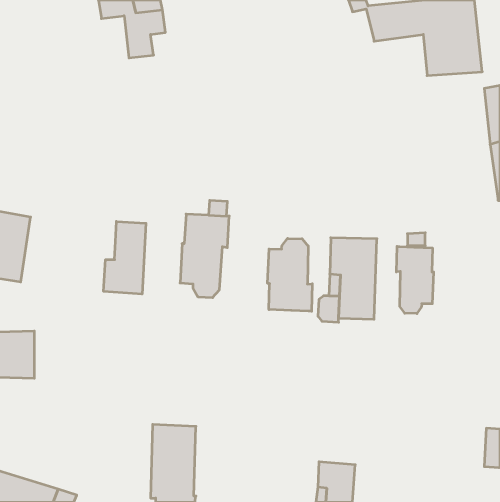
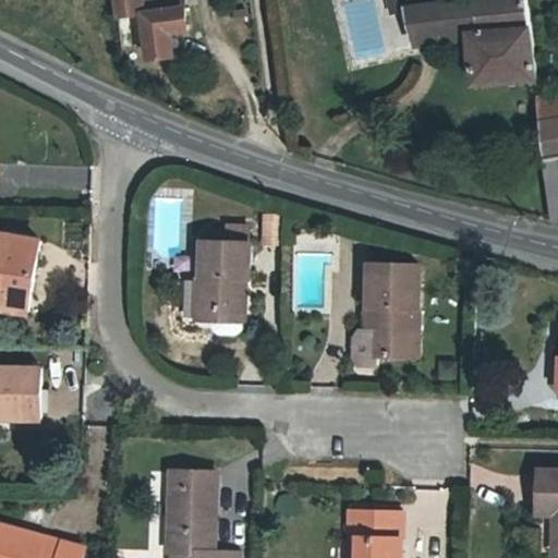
building: [104,221,146,294] -> none
building: [268,238,312,311] -> none
building: [396,246,434,314] -> none

